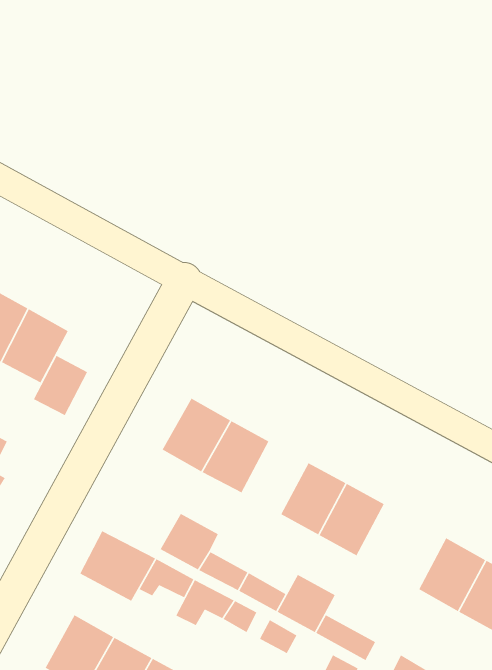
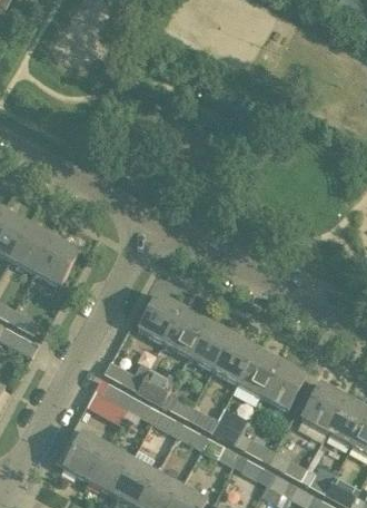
building: [33,355,88,416] -> none
building: none -> [188,321,230,368]
building: none -> [103,360,149,390]
building: none -> [261,361,306,409]

